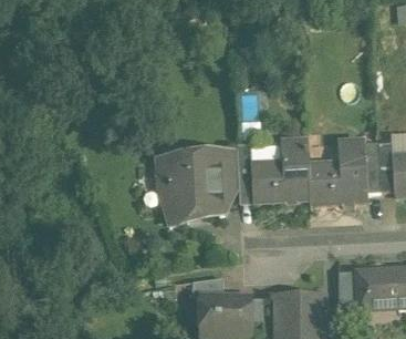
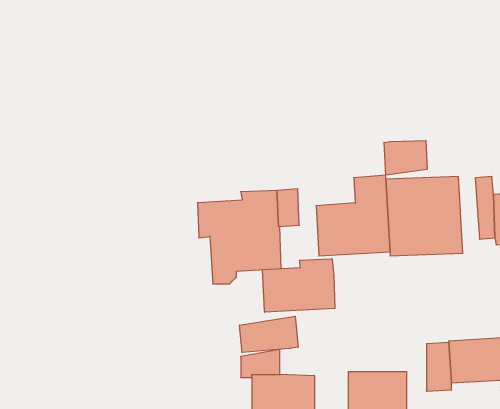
building: none -> [384,140,427,175]
building: none -> [263,259,335,312]
building: none -> [240,316,298,353]

